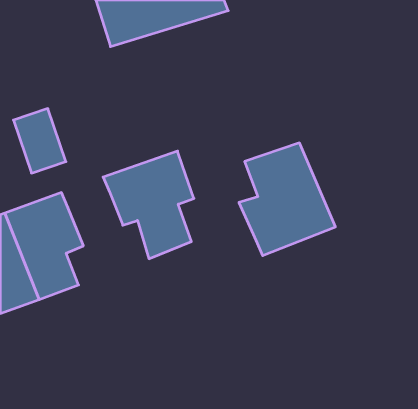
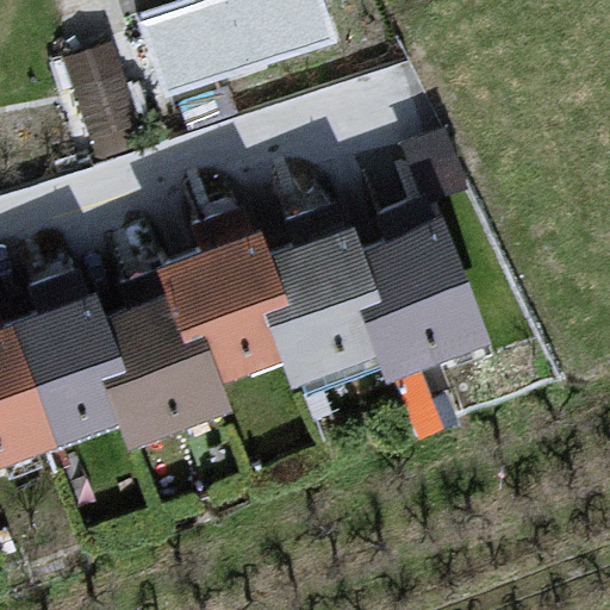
building: [13,109,66,173] -> [67,50,143,144]
building: none -> [260,225,375,393]
building: none -> [97,292,224,458]

